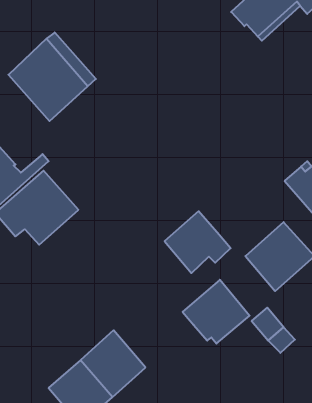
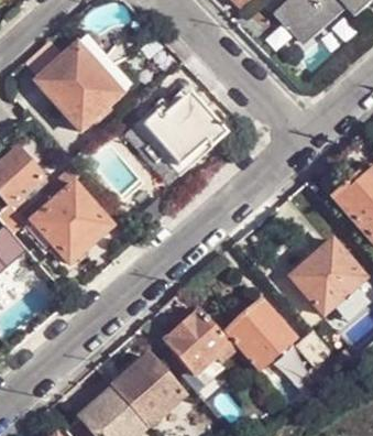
building: none -> [139,83,223,164]
building: [165,211,231,273] -> [164,308,234,374]

